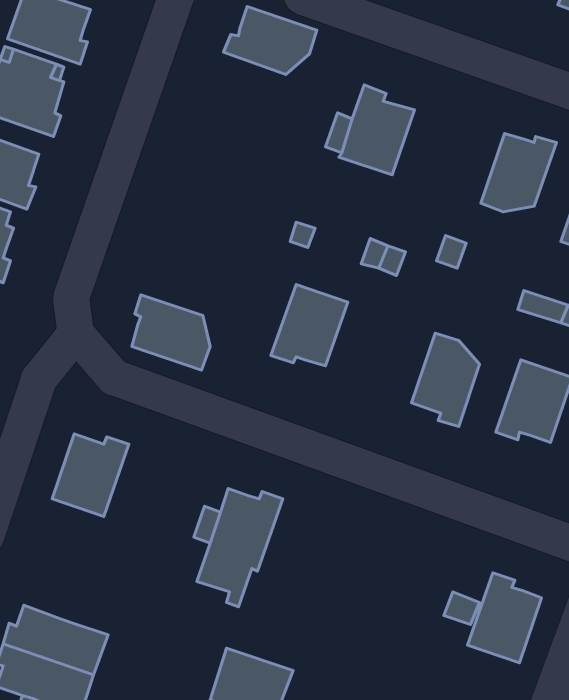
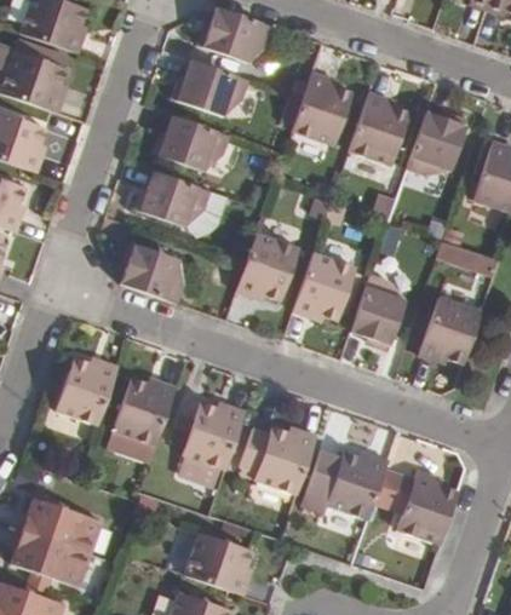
building: none -> [172,59,248,115]
building: none -> [349,91,409,165]
building: none -> [153,115,229,171]
building: none -> [133,171,208,226]
building: none -> [293,253,356,320]
building: none -> [107,375,176,461]
building: none -> [239,425,316,493]
building: none -> [300,448,387,517]

